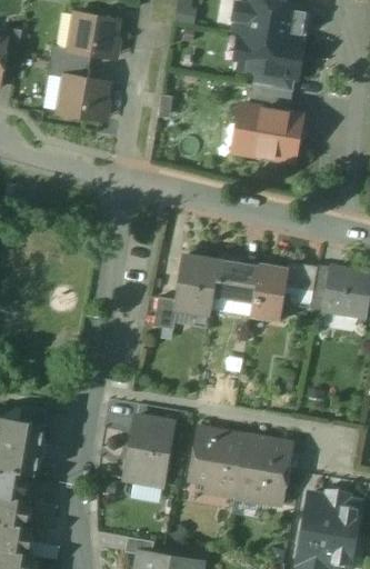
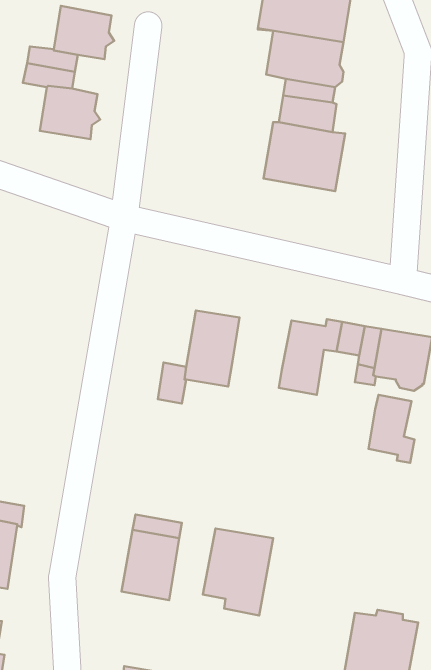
building: [212,260,258,301] -> none
building: none -> [368,395,415,463]
building: [233,435,291,503] -> none

